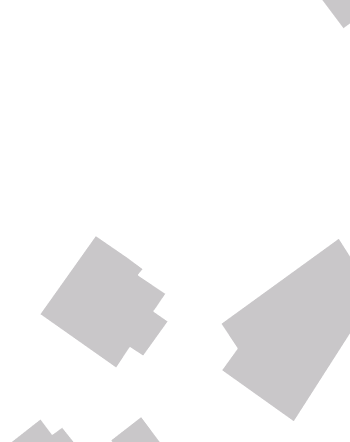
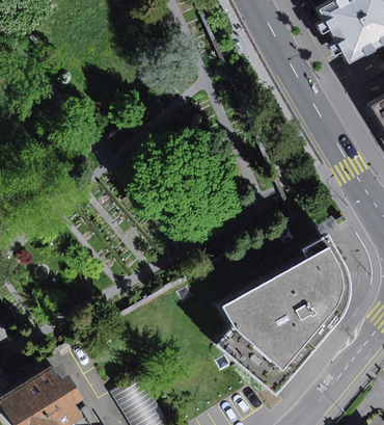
building: [39,235,169,369] -> none

